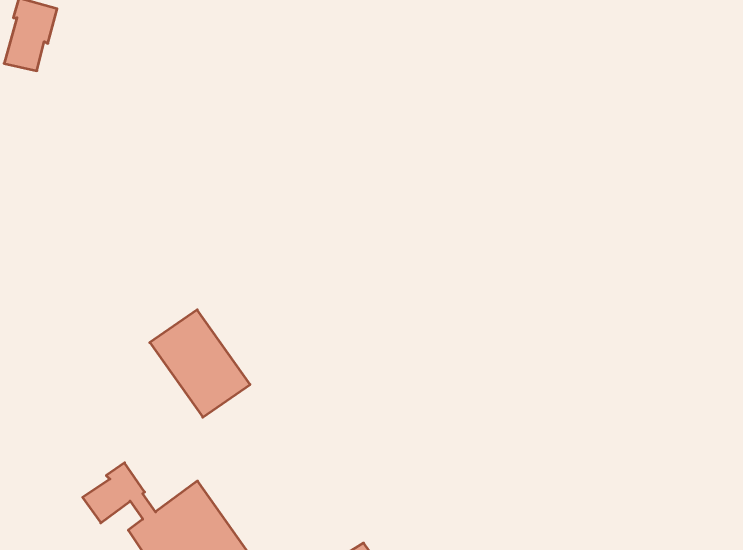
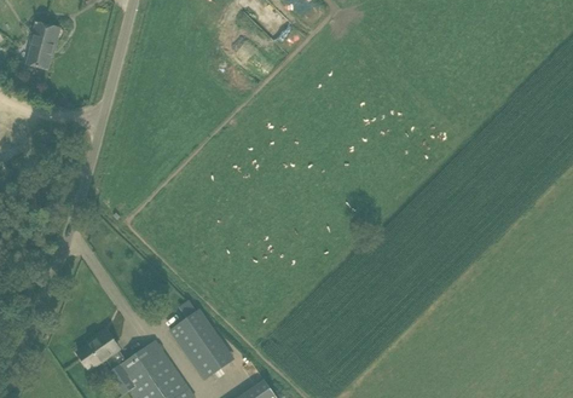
building: [150,310,250,417] -> [168,308,235,380]

